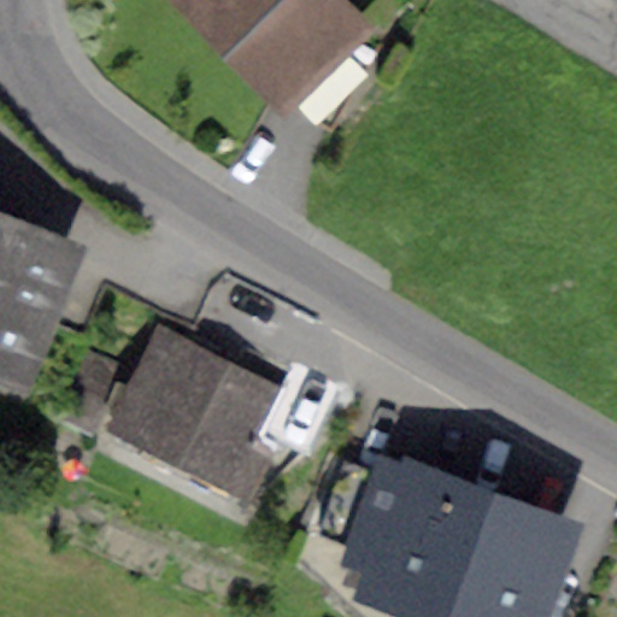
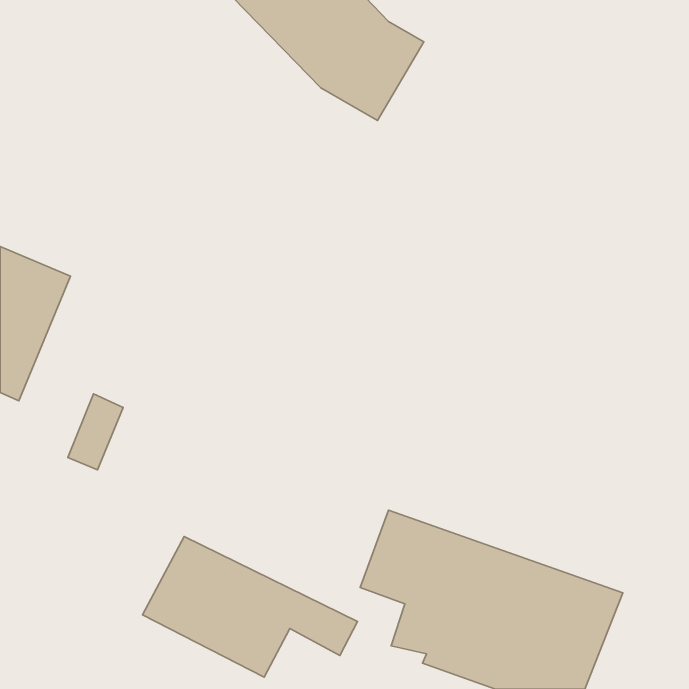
building: [134,340,325,465] -> [142,536,358,677]

